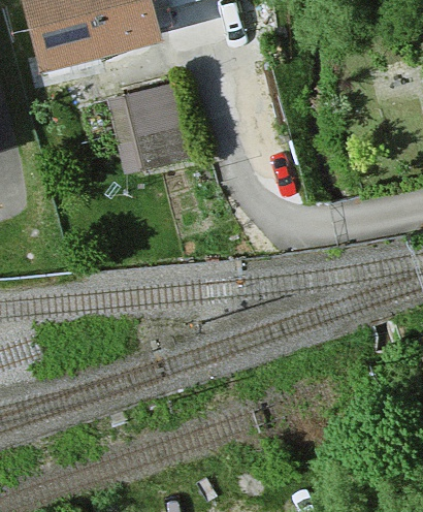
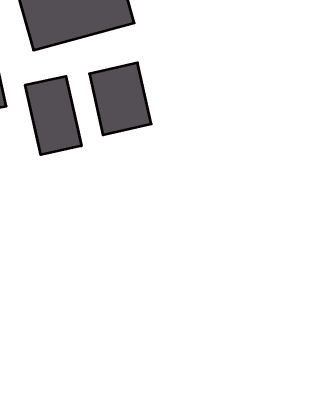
building: none -> [25,76,81,155]

